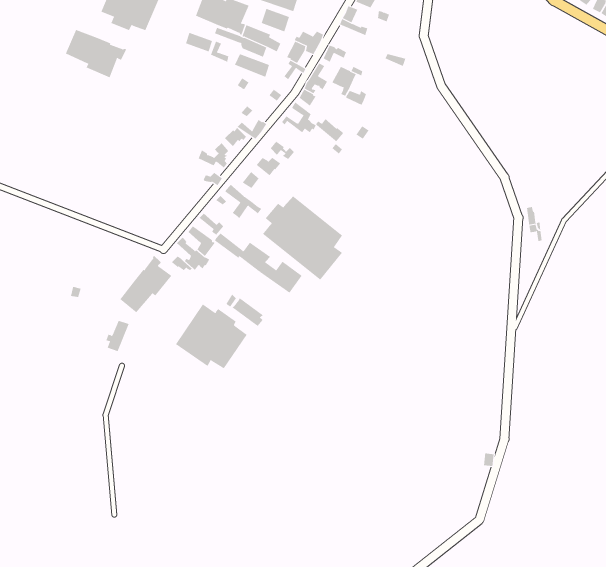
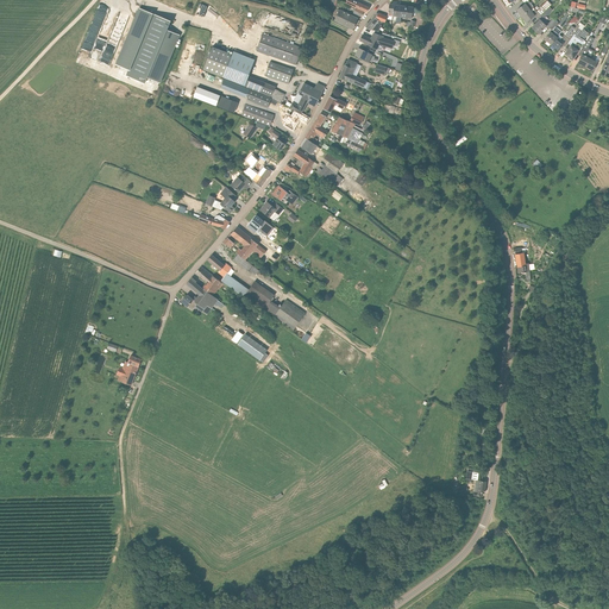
building: [65,29,127,78] -> none
building: [262,196,343,281] -> none
building: [120,255,172,313] -> none
building: [175,304,248,369] -> none

